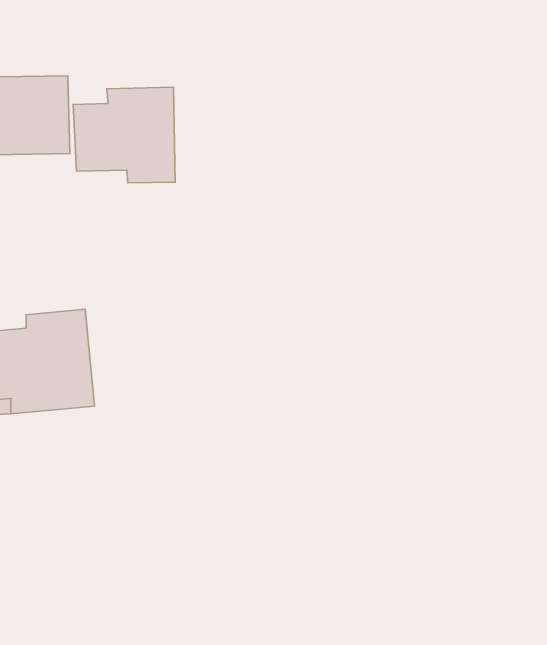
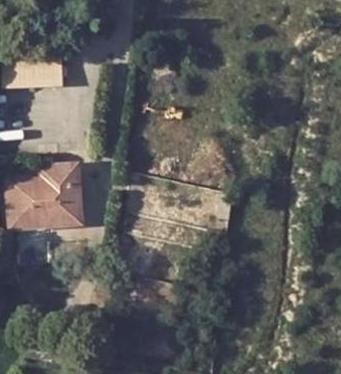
building: [73,87,175,183] -> none

